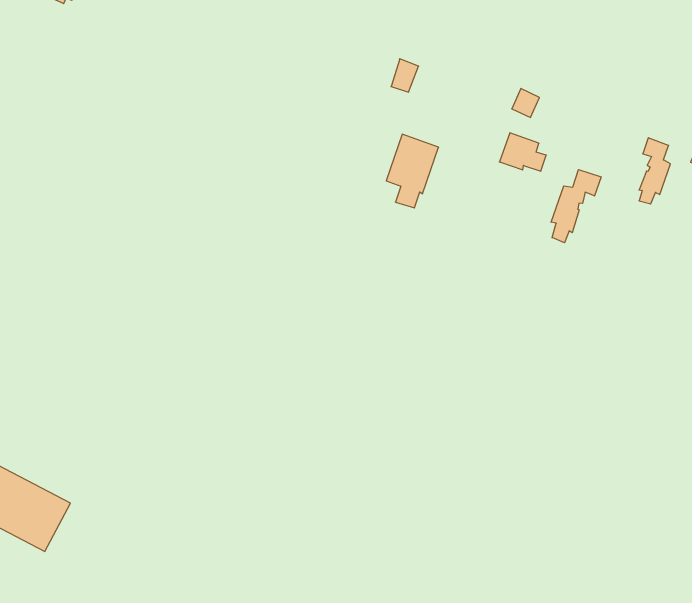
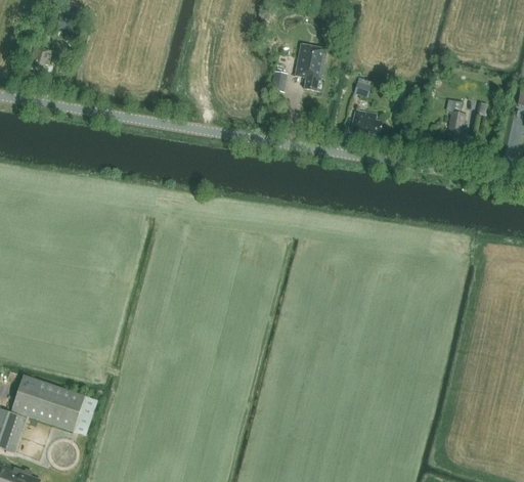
building: [386,134,439,208] -> [294,43,325,91]
building: [551,170,601,243] -> none

